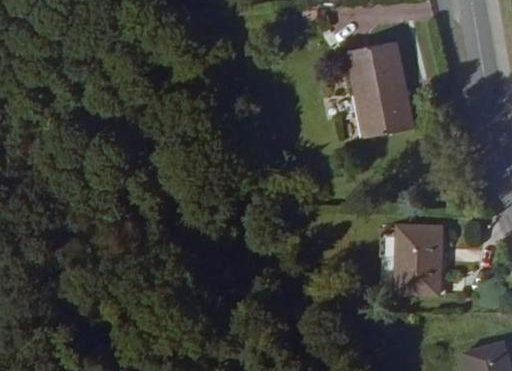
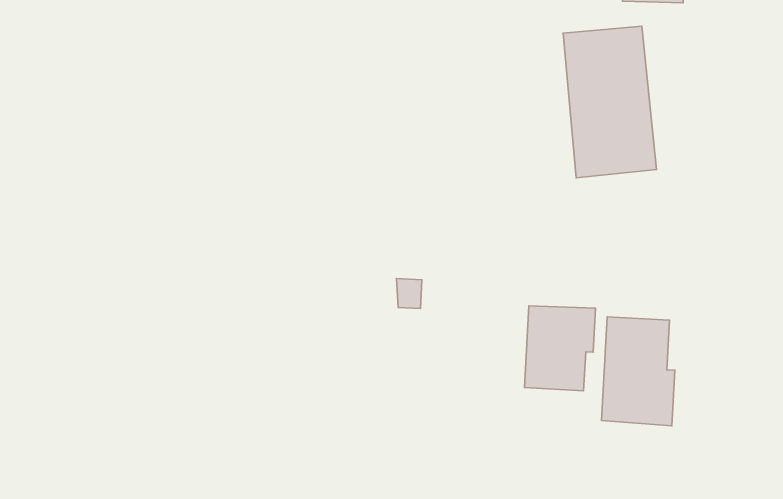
building: none -> [524,306,596,391]

